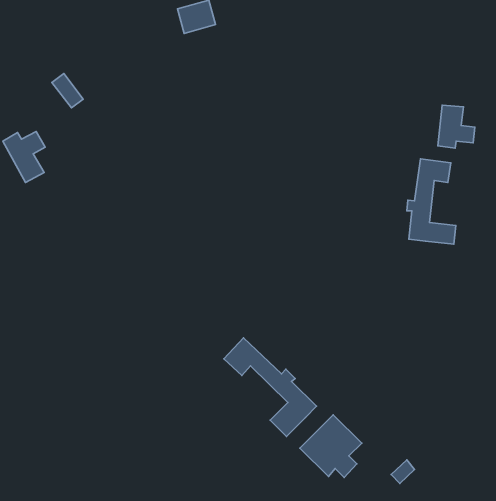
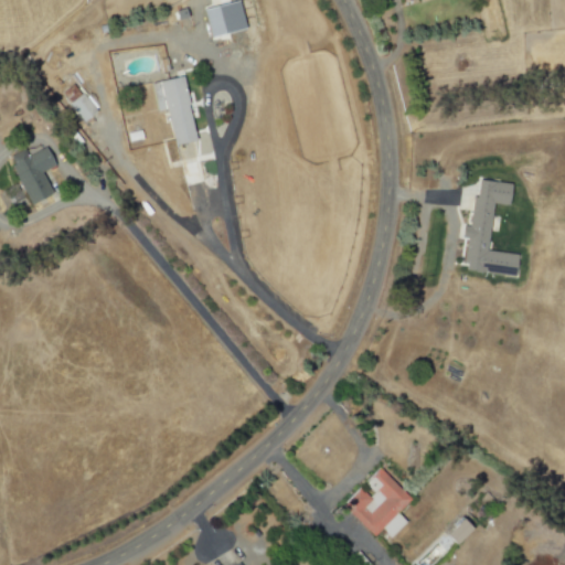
building: none -> [153,77,198,146]
building: [438,105,475,148] -> none
building: [224,338,316,437] -> none

